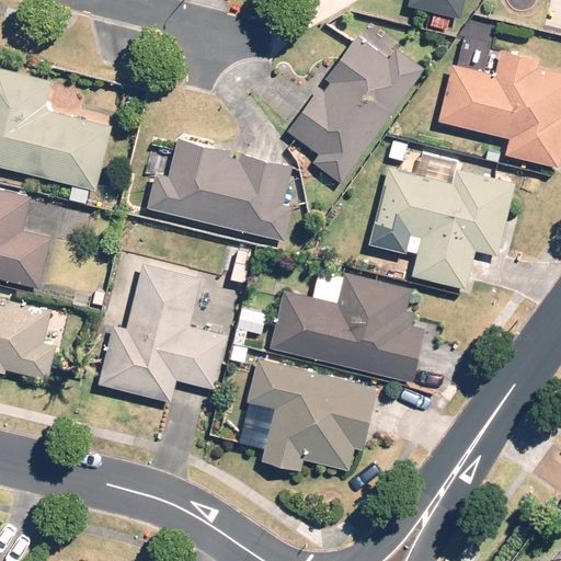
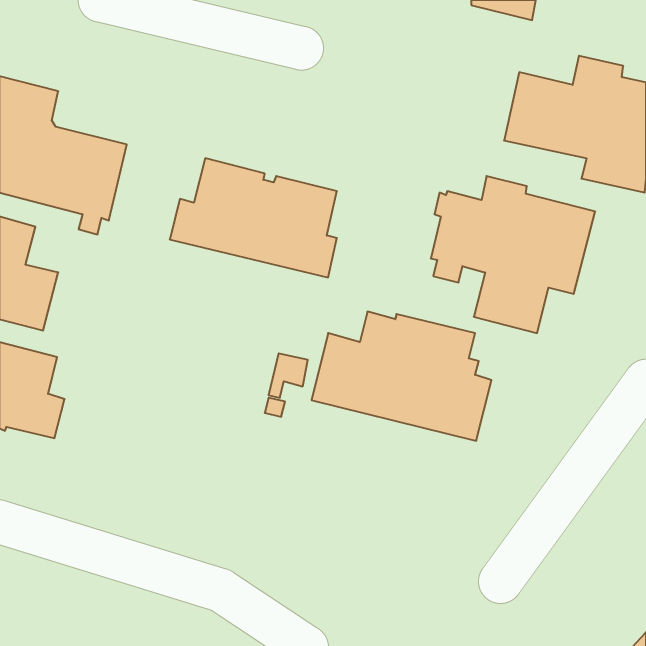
building: [286,35,423,183] -> none
building: [99,263,227,402] -> none
building: [240,358,377,471] -> none

